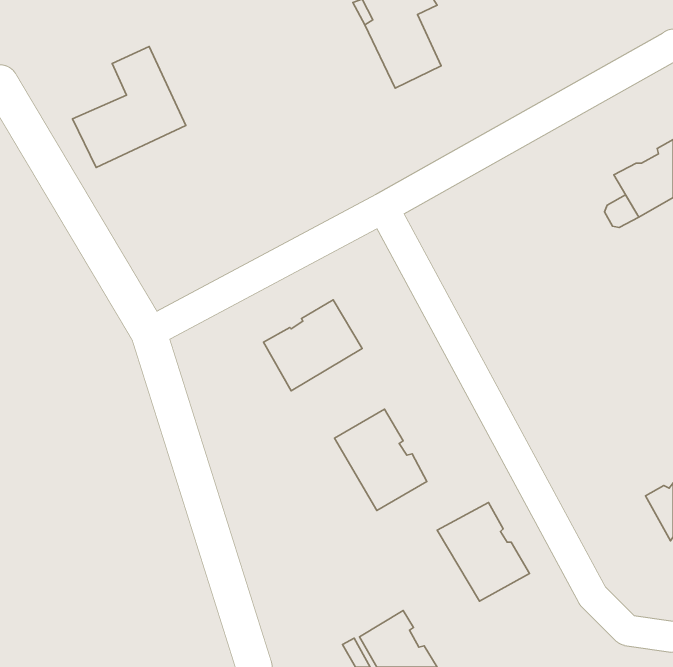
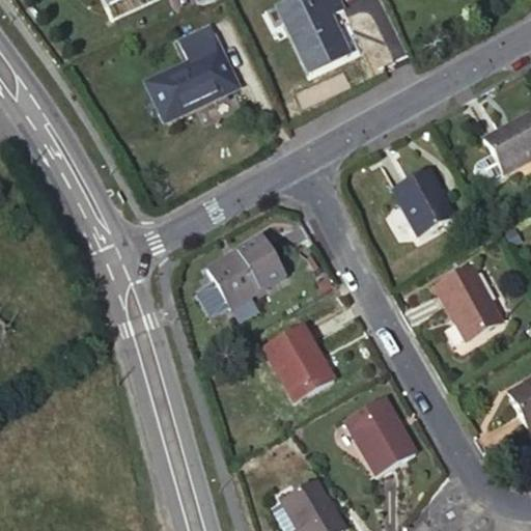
building: [73,46,186,167] -> [147,24,236,119]
building: none -> [394,168,455,235]
building: none -> [438,264,502,338]

